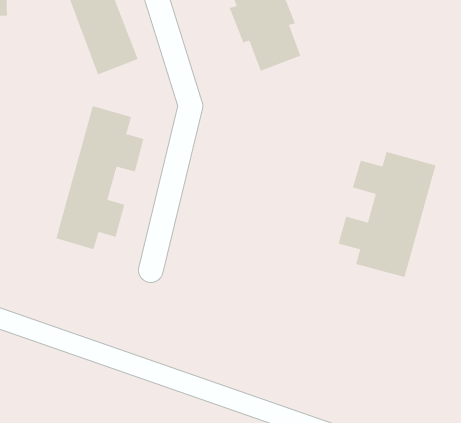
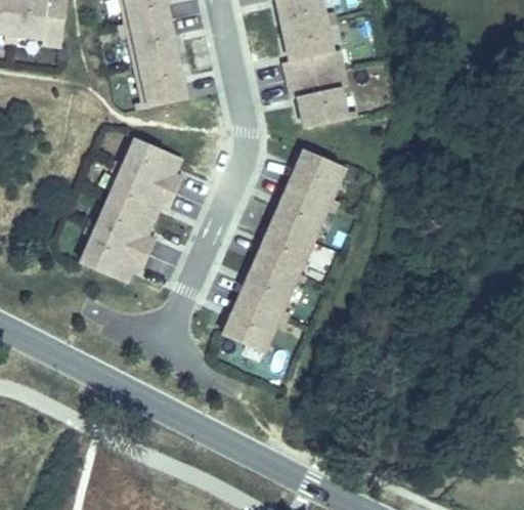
building: none -> [225,146,345,349]
building: [338,151,436,278] -> none

